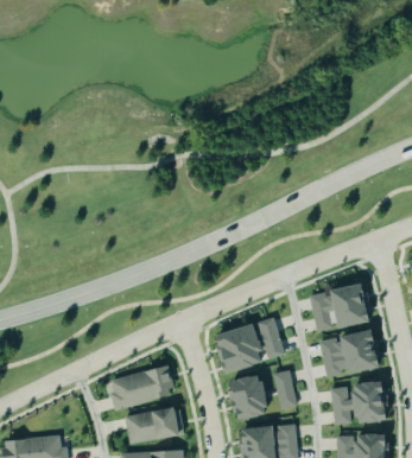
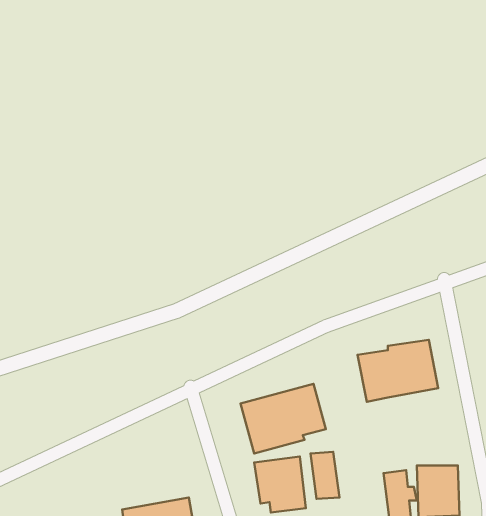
building: [318,329,381,377] -> none
building: [108,365,175,411] -> none

